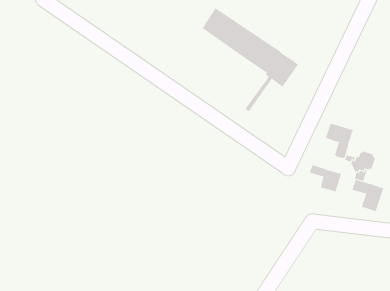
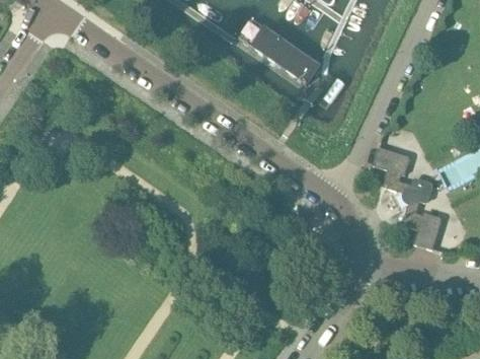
building: [308,163,342,192] -> none

